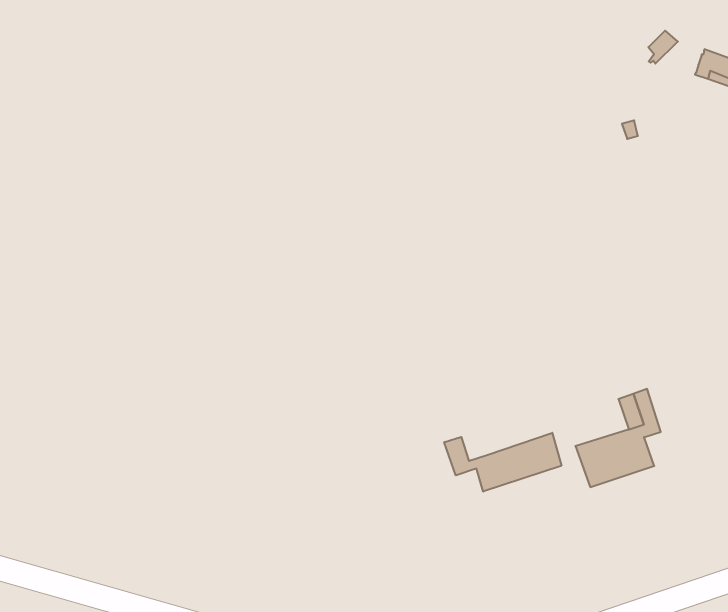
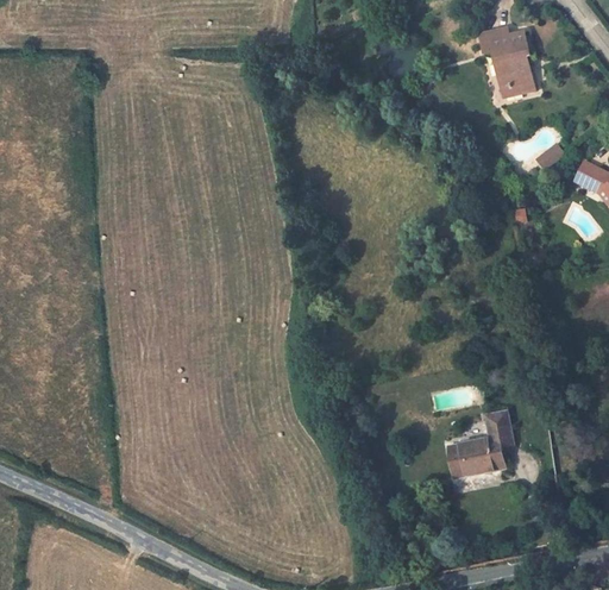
building: [444,433,561,492] -> none

